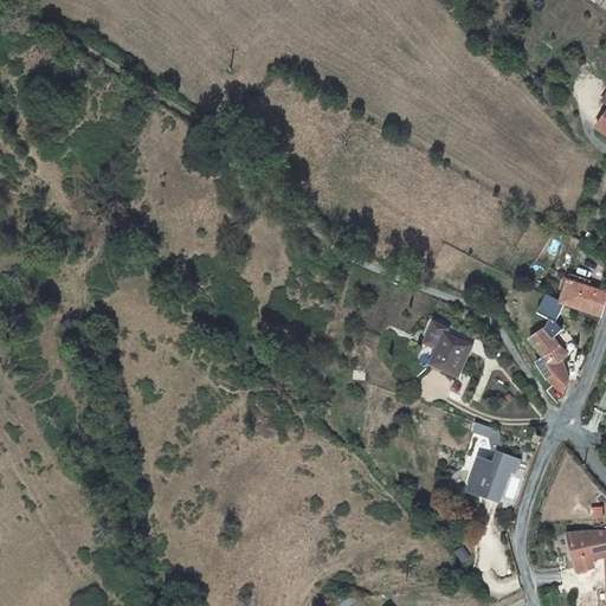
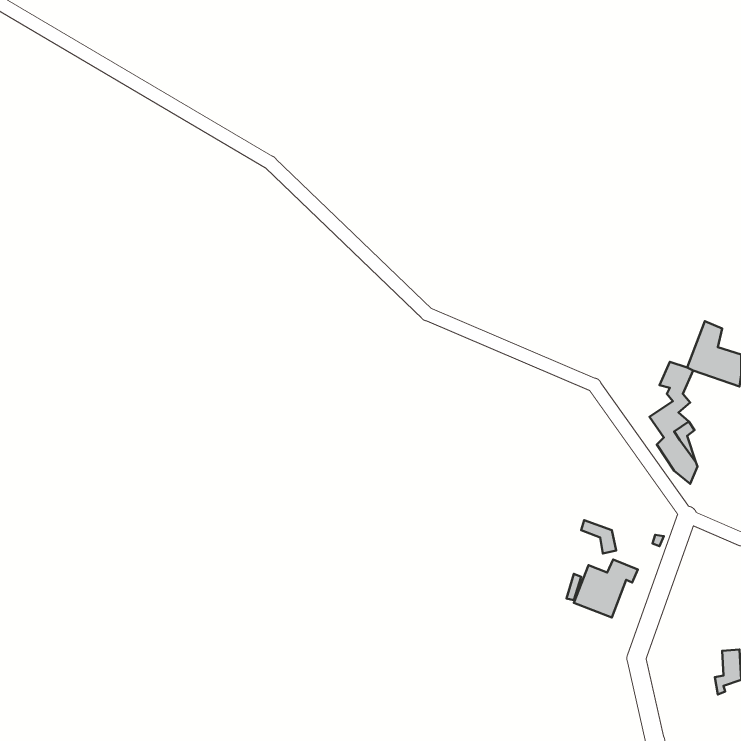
building: [426,324,472,378] -> none
building: [565,530,589,568] -> none

